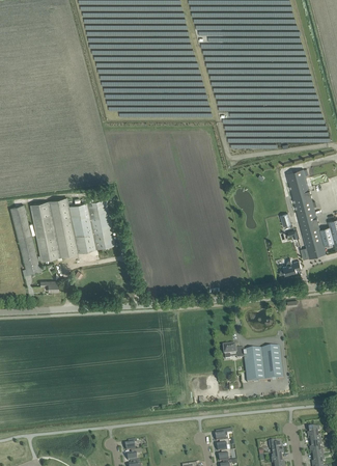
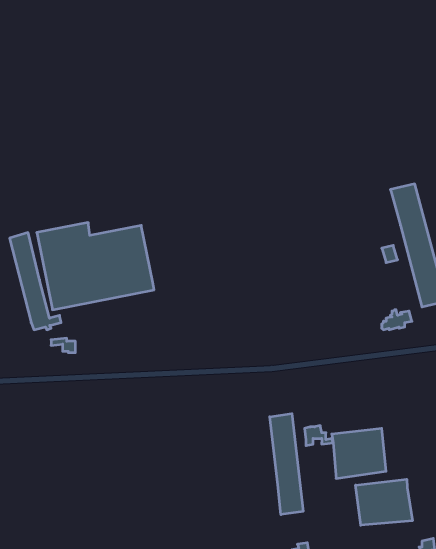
building: none -> [270,414,303,515]
building: none -> [356,479,412,525]

